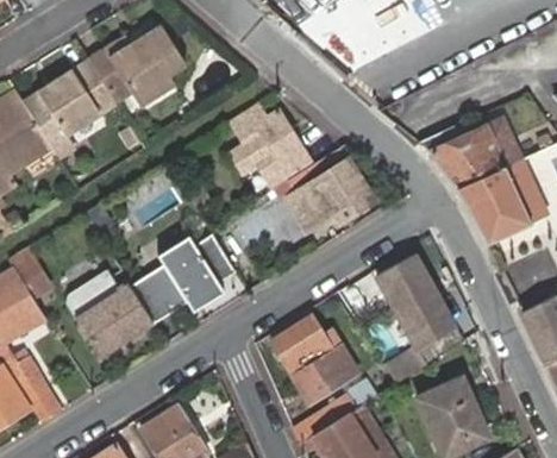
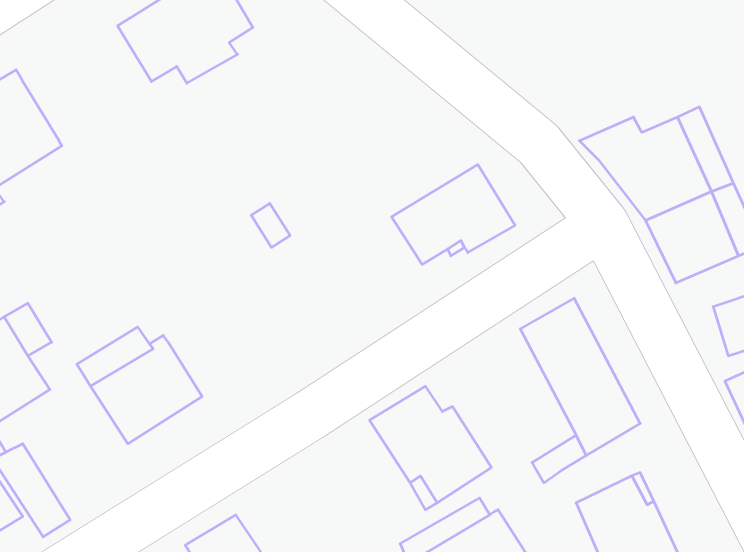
building: [27,62,118,142] -> none
building: [232,109,307,189] -> none
building: [130,233,236,322] -> none

